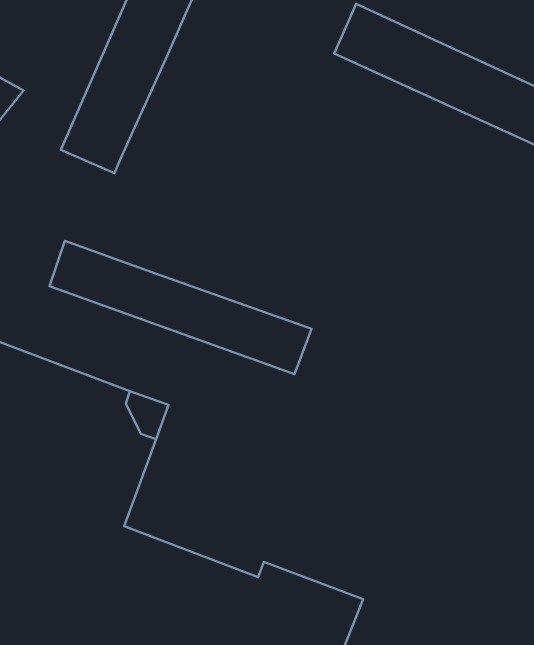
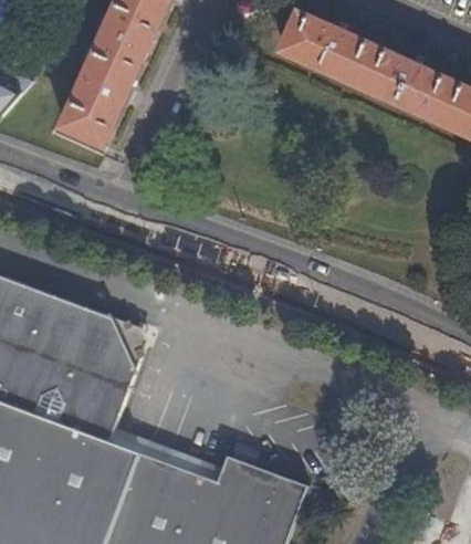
building: [50,241,311,374] -> none

